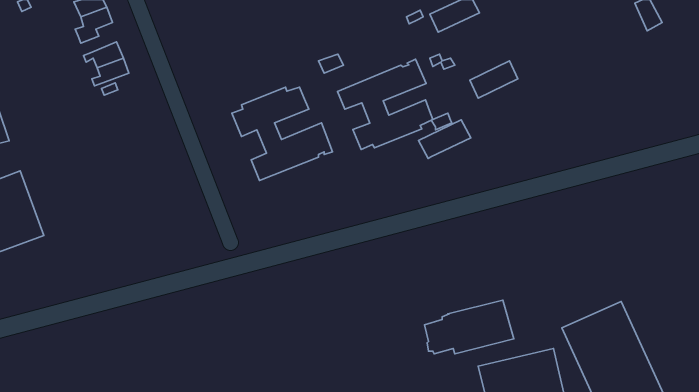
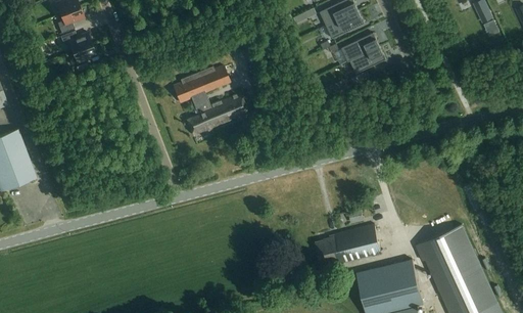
building: none -> [327,11,364,39]
building: [338,59,433,150] -> none
building: [418,120,471,158] -> [341,34,380,62]

